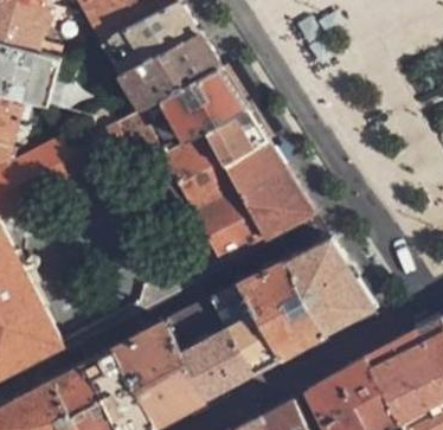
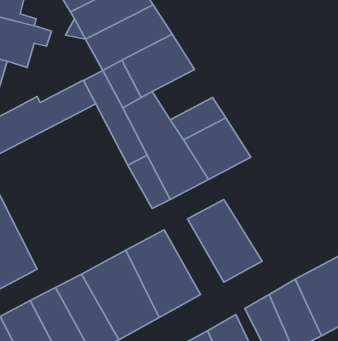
building: [197,110,268,169] -> none
building: [281,238,375,335] -> none
building: [211,285,281,374] -> none

